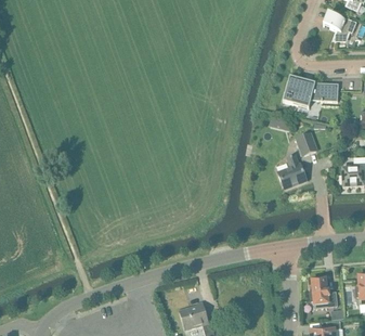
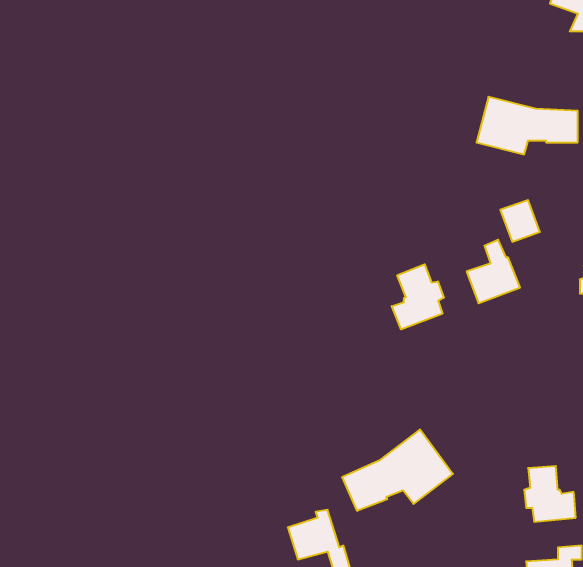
building: none -> [392,264,444,329]
building: none -> [342,429,453,511]

